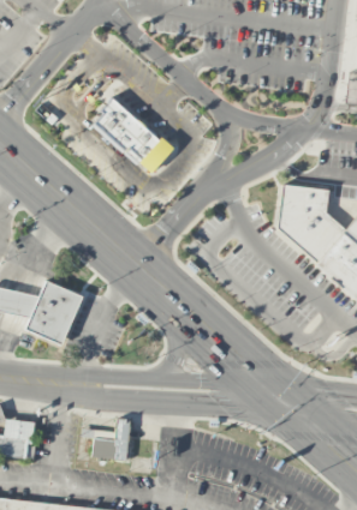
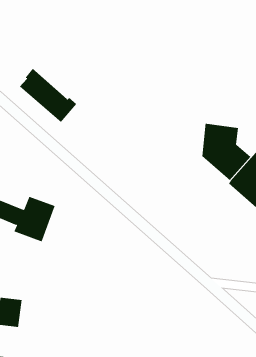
building: [96,98,174,173] -> [19,68,77,123]
building: [83,420,131,461] -> none

